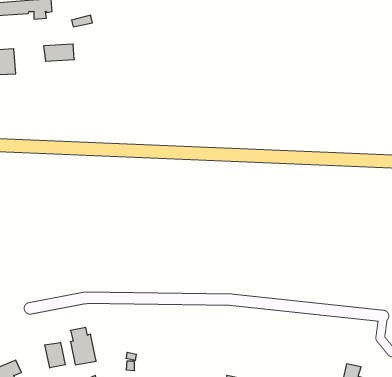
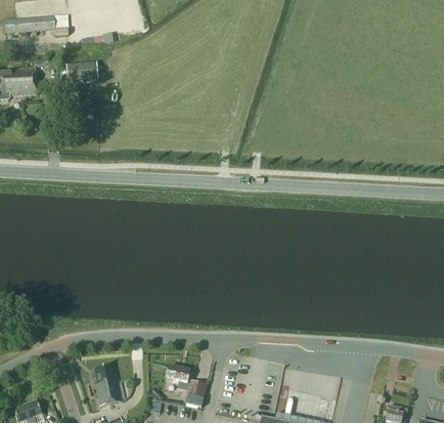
building: none -> [166,366,207,409]
building: [45,342,65,368] -> none

